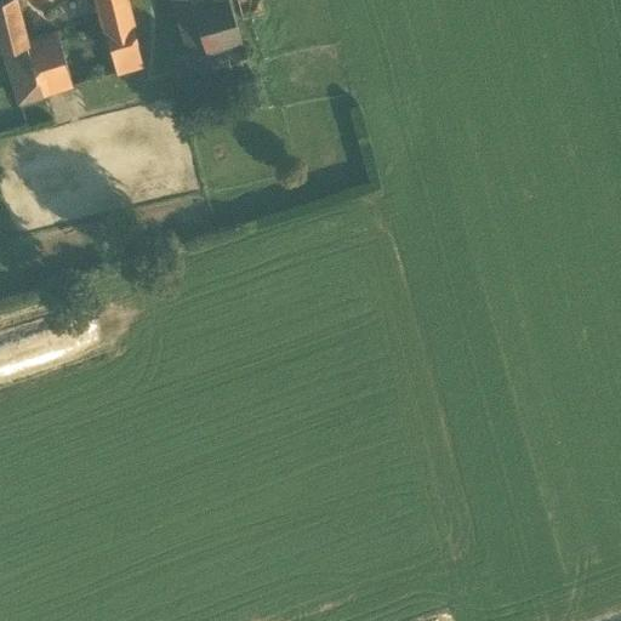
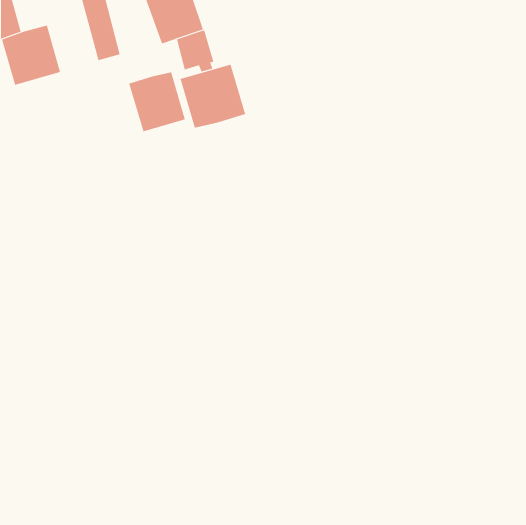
building: none -> [180,64,246,128]
building: none -> [129,72,186,132]

